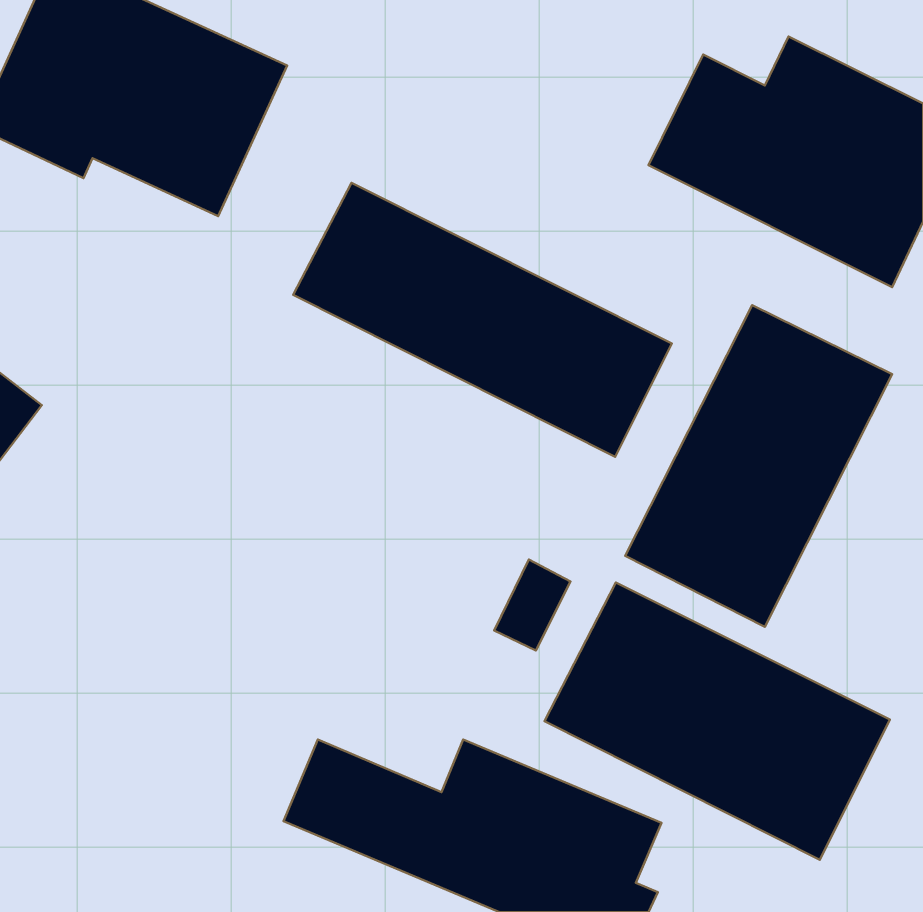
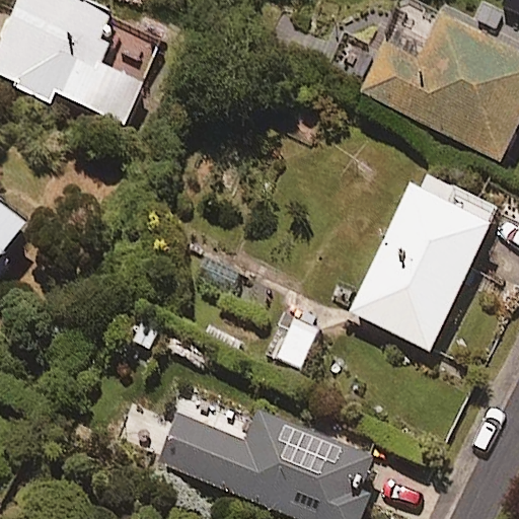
building: [293,183,672,457] -> none
building: [544,582,890,860] -> none

